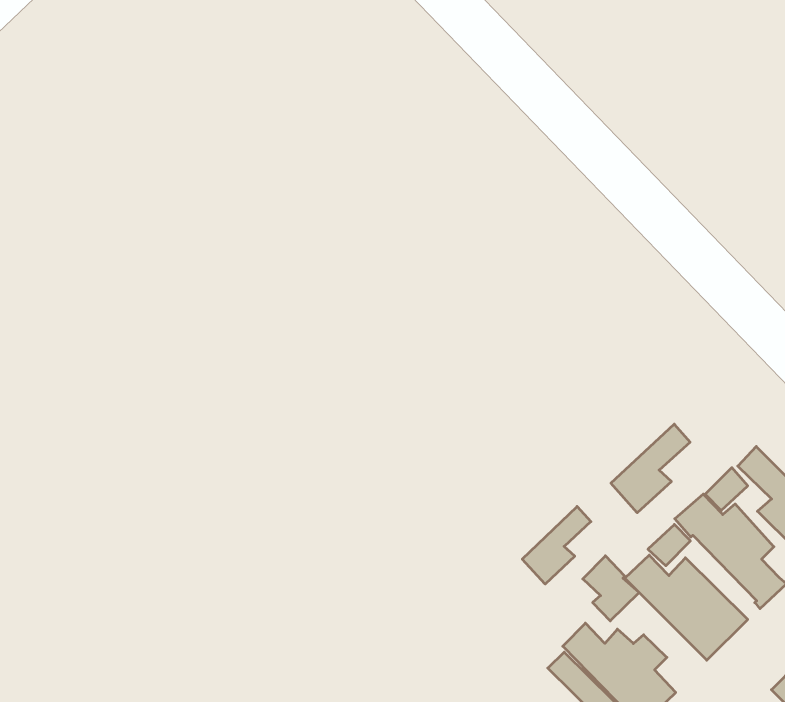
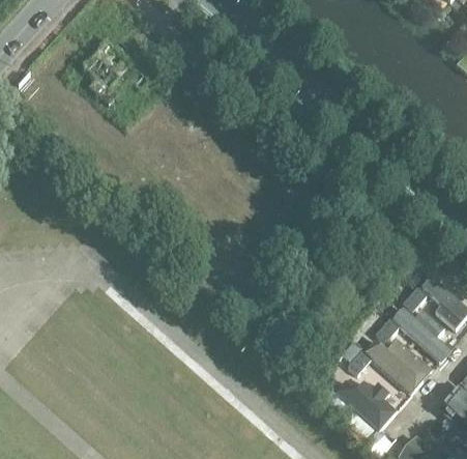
building: [611,424,690,513] -> none
building: [522,506,591,584] -> none

